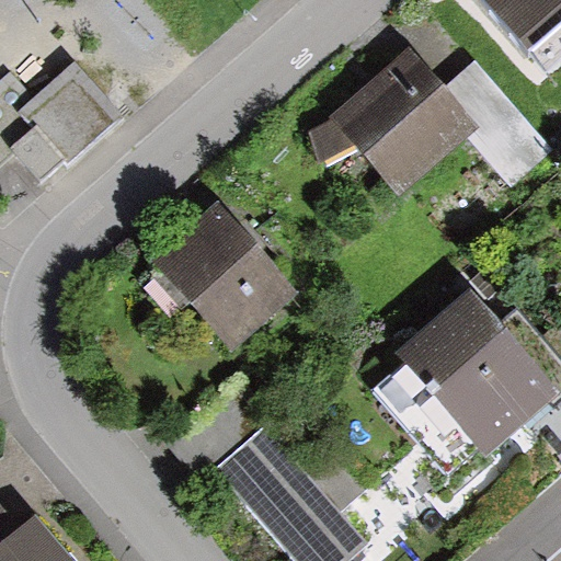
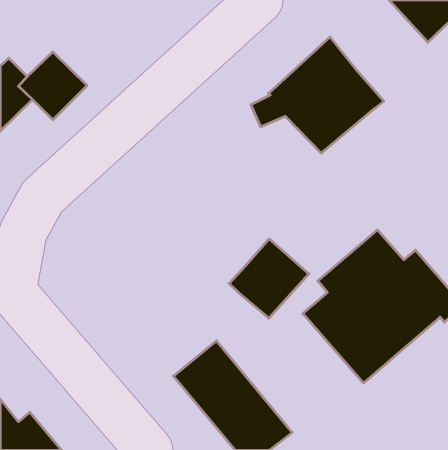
building: [447,64,549,181] -> none
building: [131,218,287,371] -> none
building: none -> [229,239,309,318]

